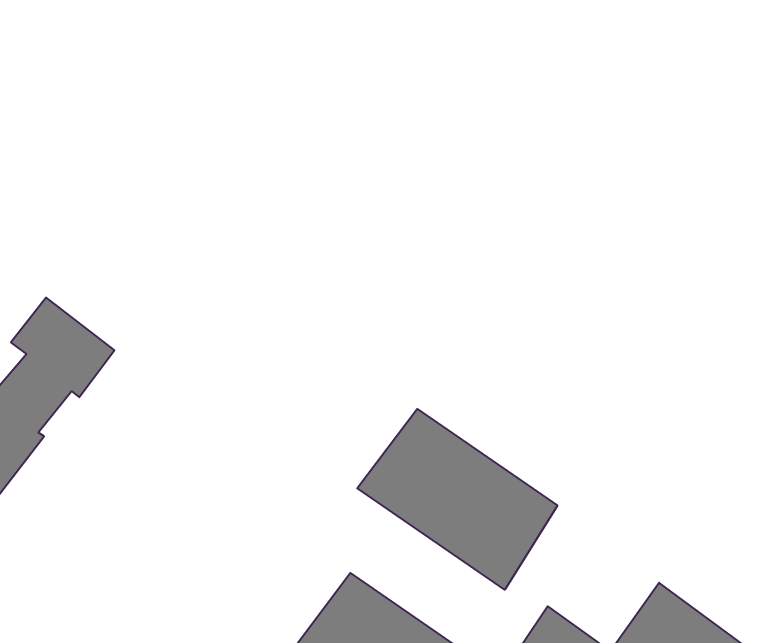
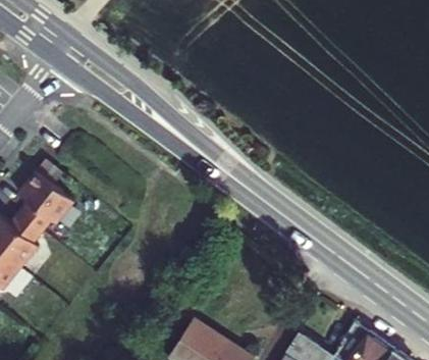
building: [357,409,557,590] -> none

